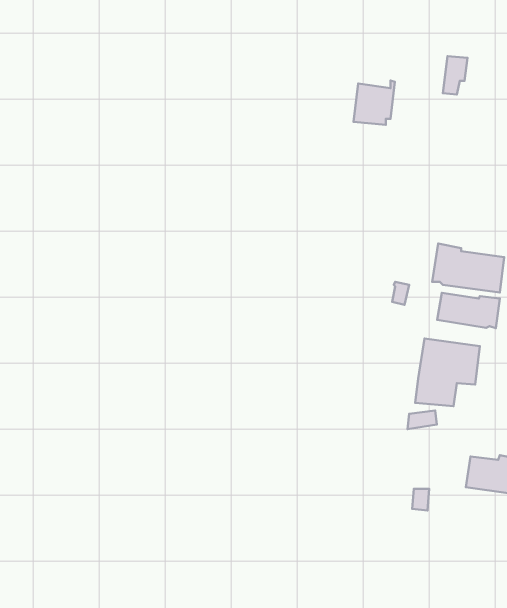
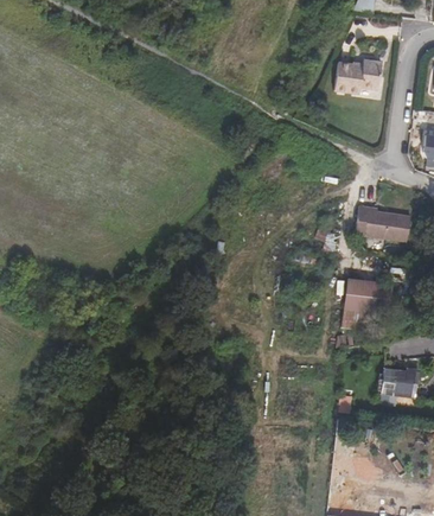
building: [353,80,395,125] -> [334,58,366,93]
building: [437,293,500,328] -> none

